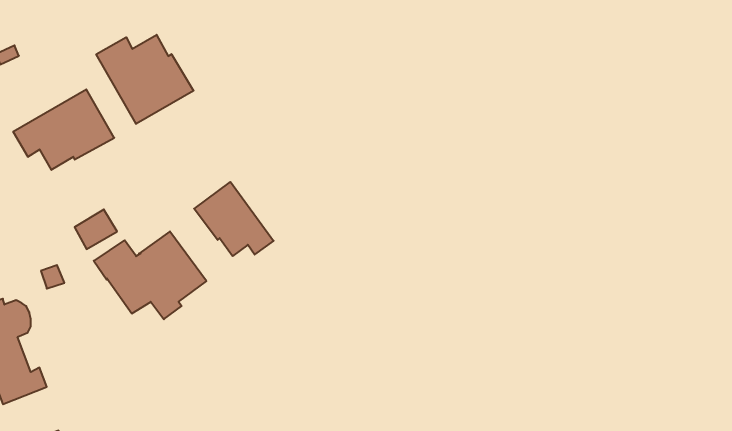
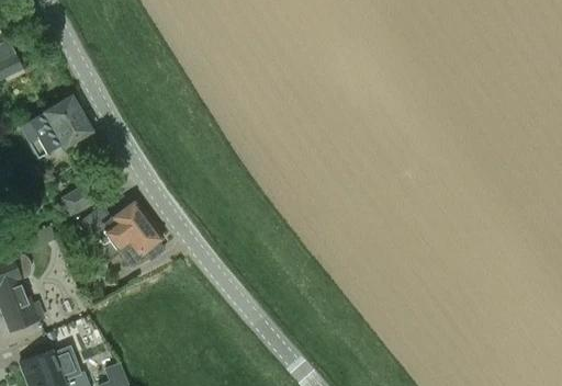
building: [96,35,194,124] -> none
building: [194,182,274,256] -> none

